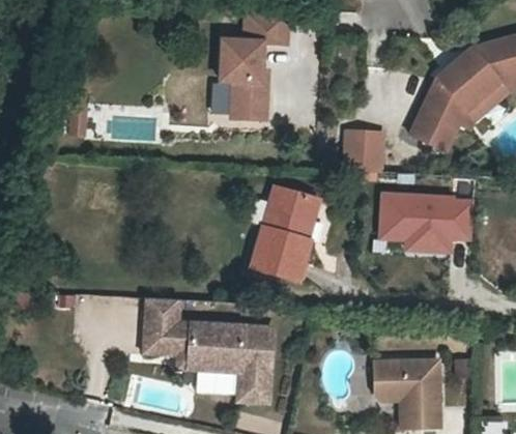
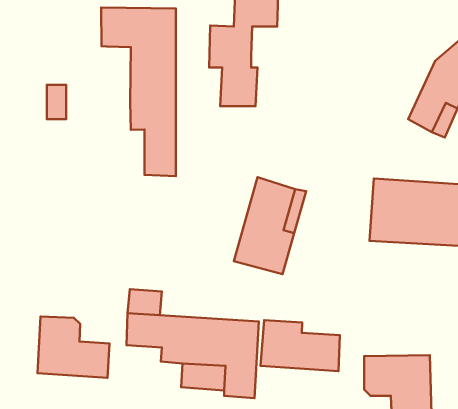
building: none -> [101,8,176,176]
building: [341,126,385,170] -> none
building: none -> [37,317,110,378]
building: none -> [260,320,340,371]

